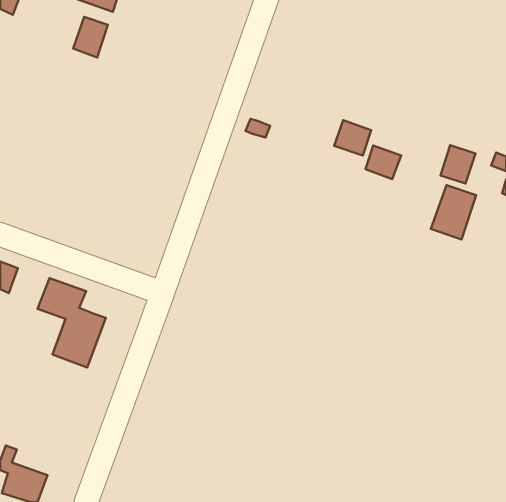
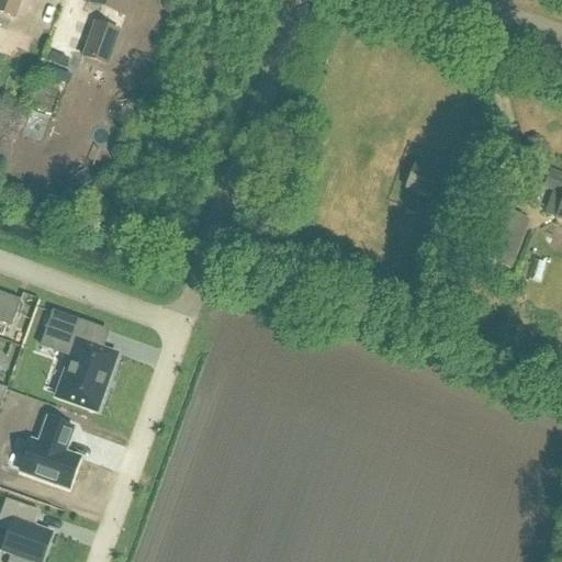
building: [334,120,371,155] -> none
building: [441,145,476,183] -> none
building: none -> [22,417,80,487]

